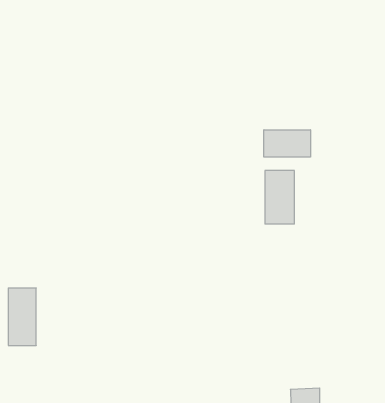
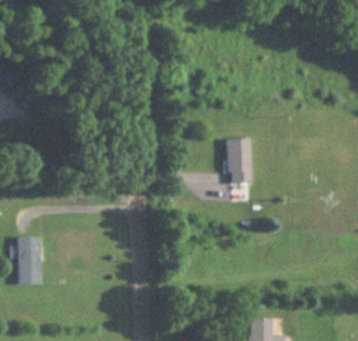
building: [264,130,310,157] -> none

